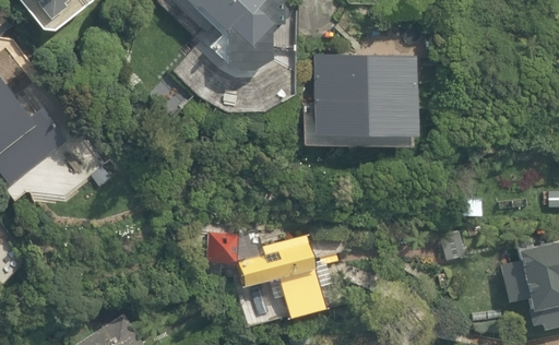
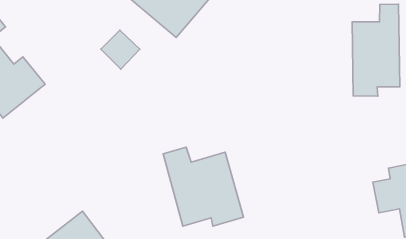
building: none -> [352,4,400,96]
building: [313,52,418,144] -> none

